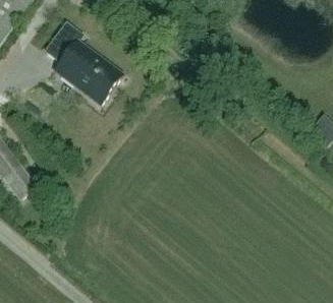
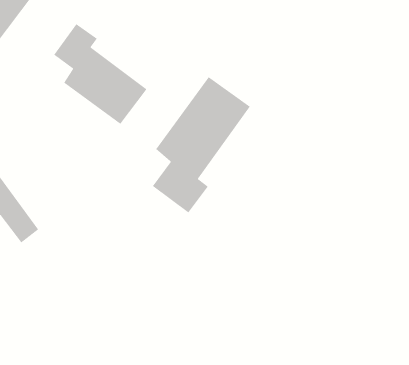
building: none -> [152,76,251,214]

